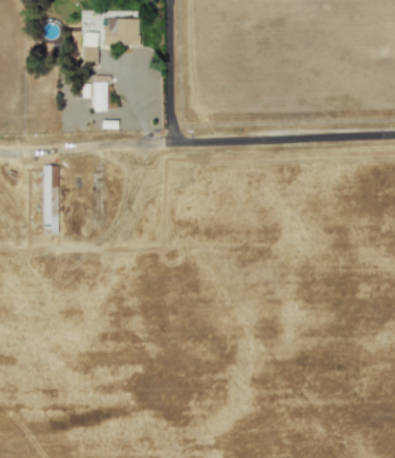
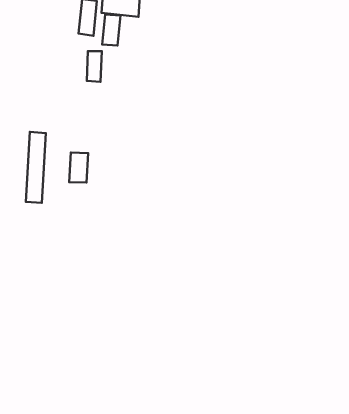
building: none -> [102,15,121,45]
building: none -> [69,153,88,183]

